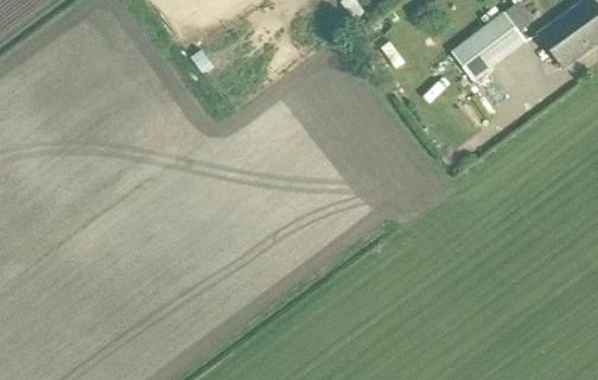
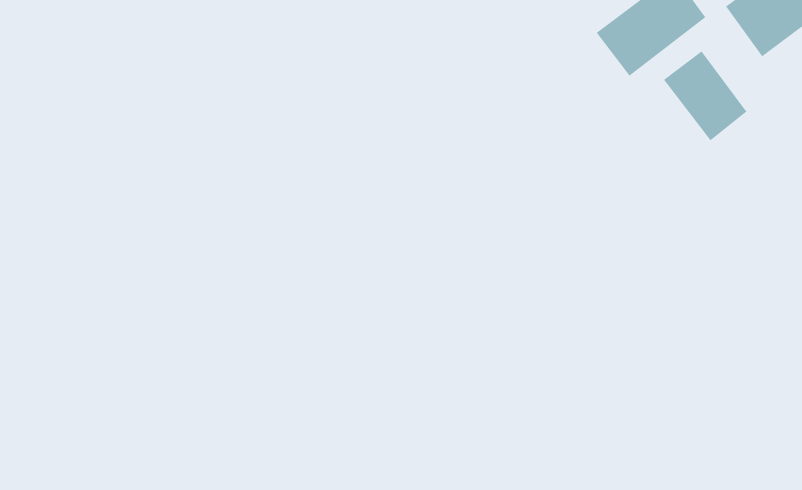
building: none -> [663,50,747,141]

